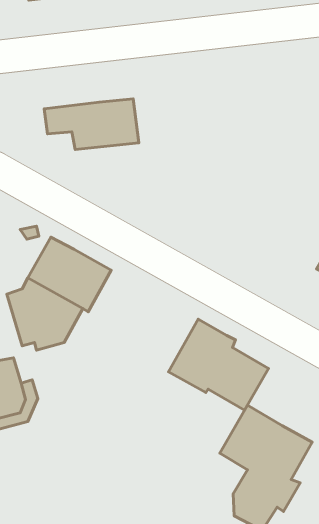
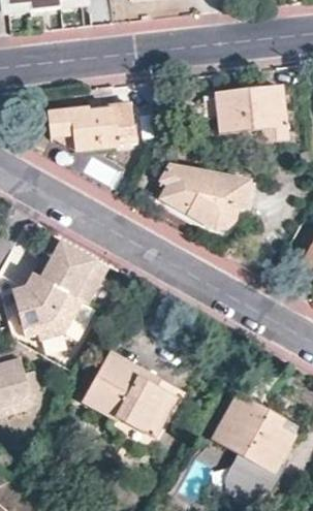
building: none -> [218,87,287,140]
building: none -> [161,165,254,226]
building: [169,319,269,410] -> [83,349,177,435]

